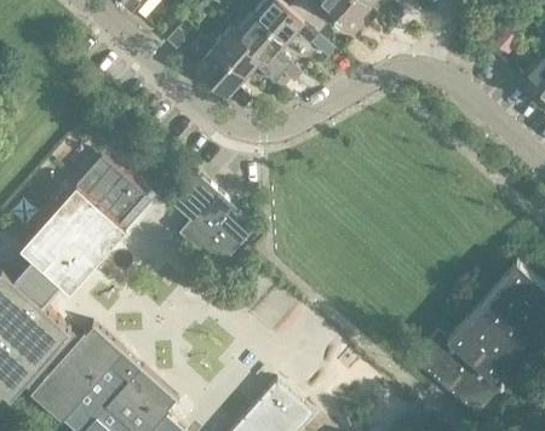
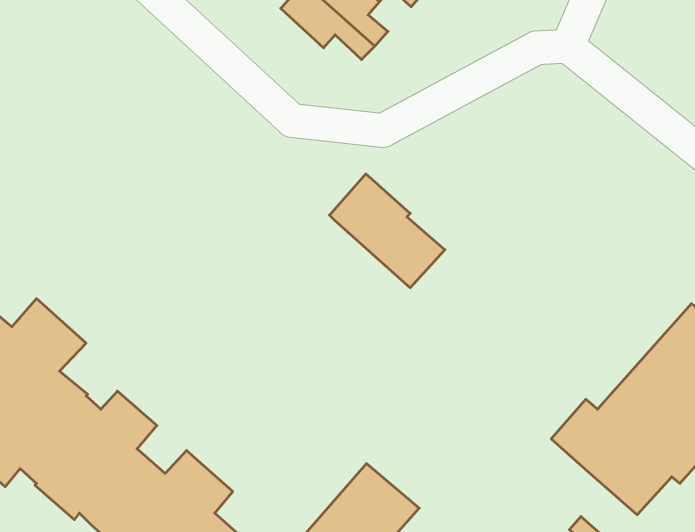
building: [195,46,251,108] -> none
building: [21,155,153,292] -> none
building: [168,173,253,257] -> [329,174,445,288]

